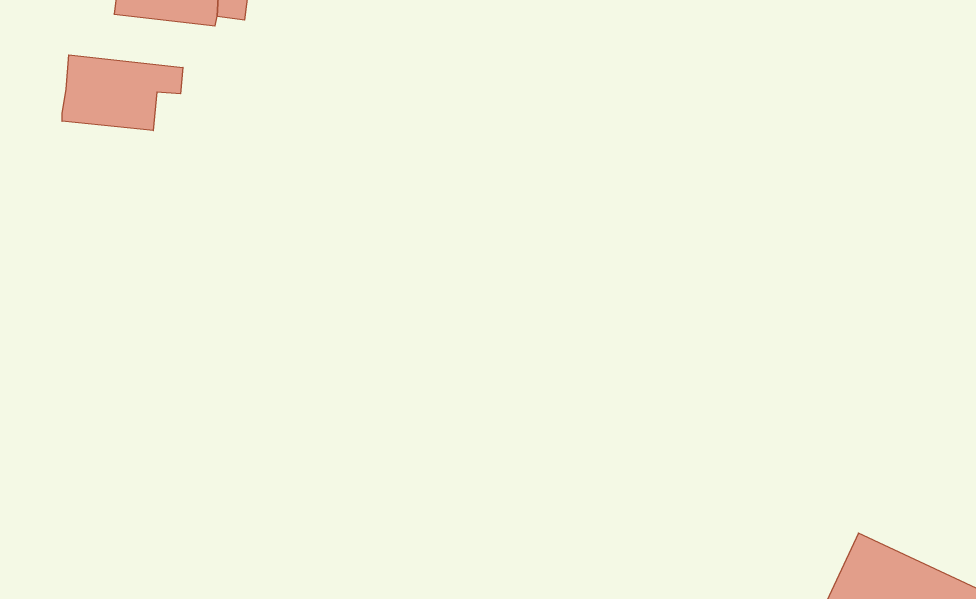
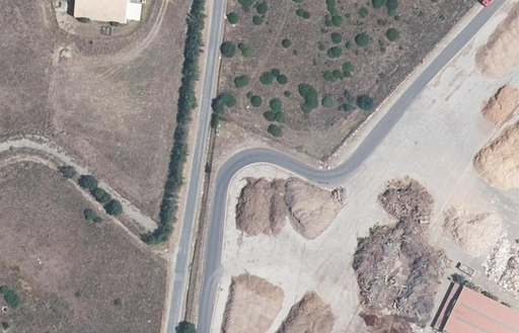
building: [62,55,183,131] -> none

